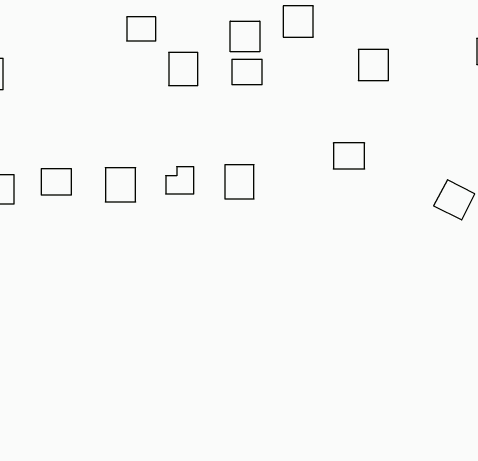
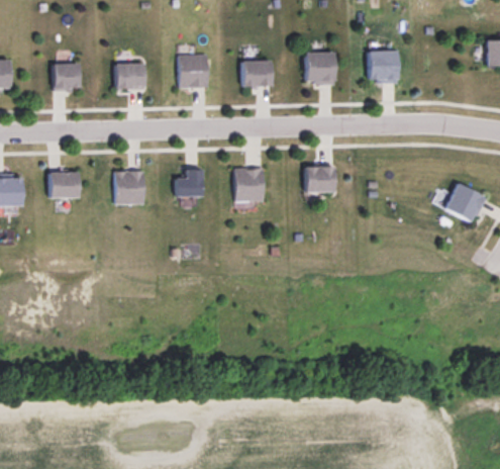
building: [283,6,313,37] -> [305,52,335,83]
building: [127,17,156,41] -> [115,64,144,88]
building: [230,21,260,52] -> none
building: none -> [53,63,80,89]
building: [333,143,365,169] -> [304,166,335,192]

